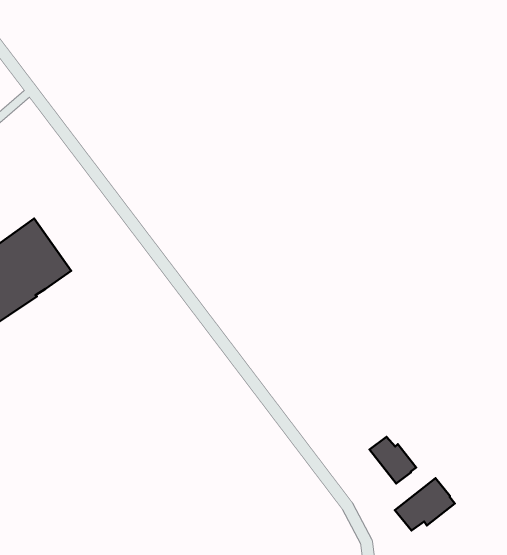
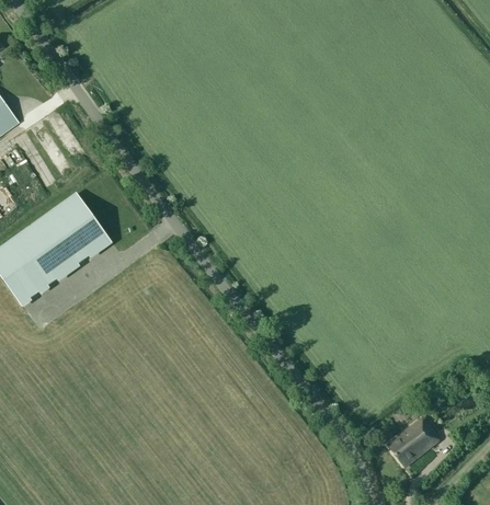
building: [370,437,416,484] -> none

